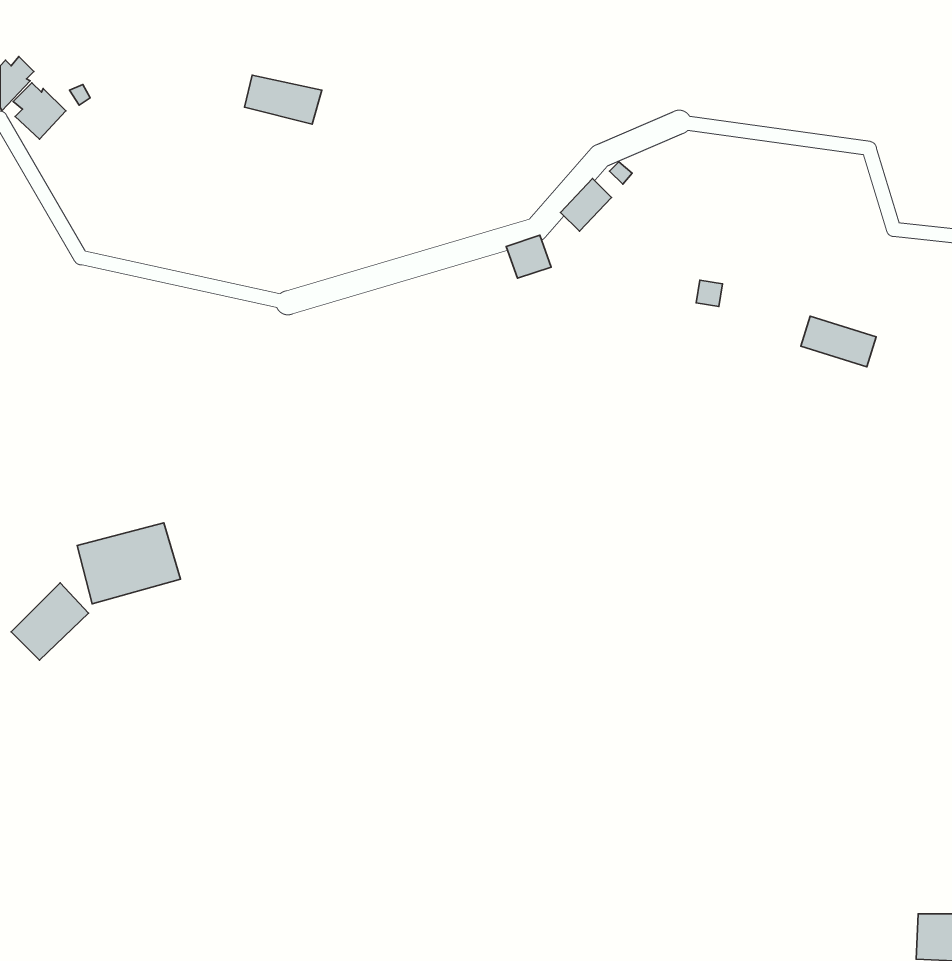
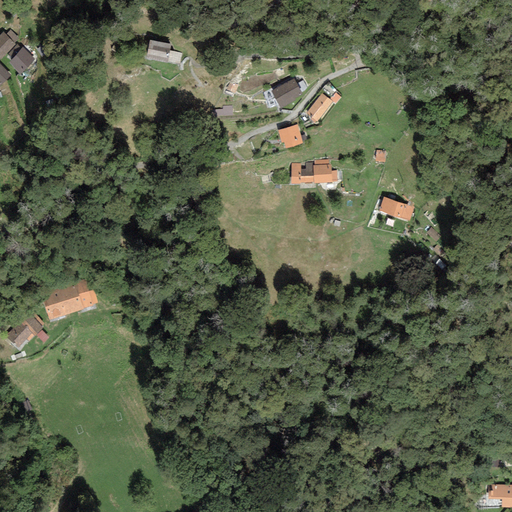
building: none -> [264,76,299,106]
building: none -> [288,160,337,184]
building: [801,316,876,367] -> [379,196,419,223]

